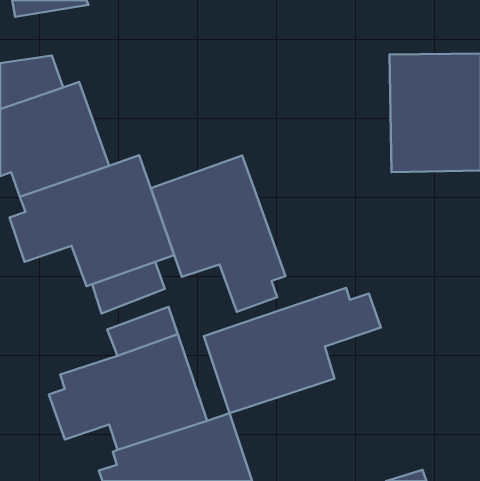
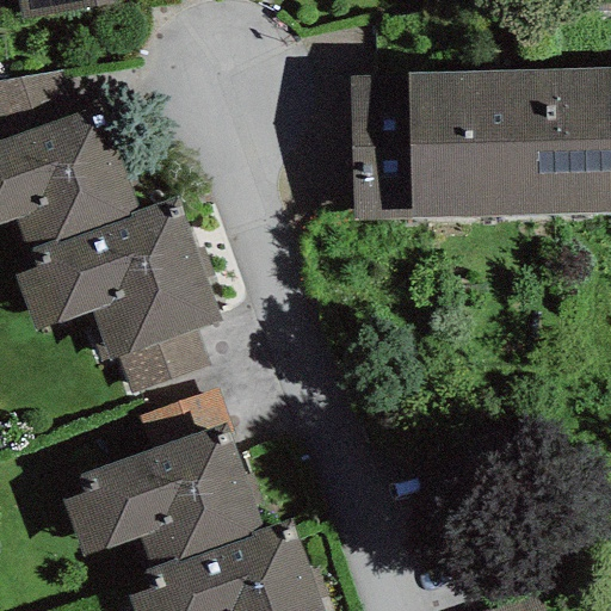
building: none -> [350,69,498,221]
building: [151,155,285,312] -> none
building: [204,288,381,413] -> none

